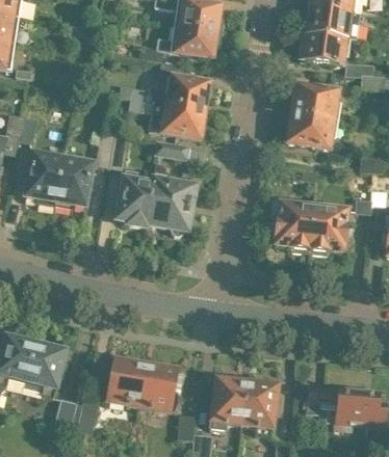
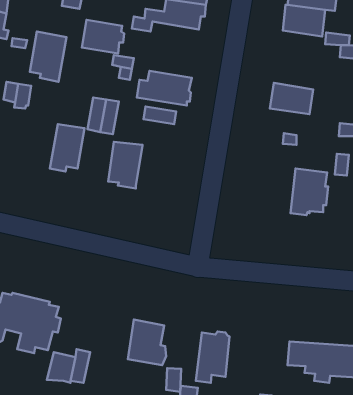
building: [166,74,211,109] -> [82,20,124,53]
building: [291,83,337,122] -> none
building: [25,152,63,205] -> [30,31,66,82]
building: [146,162,194,234] -> none
building: [268,195,314,251] -> none
building: [102,358,144,405] -> none
building: [240,378,278,435] -> none

